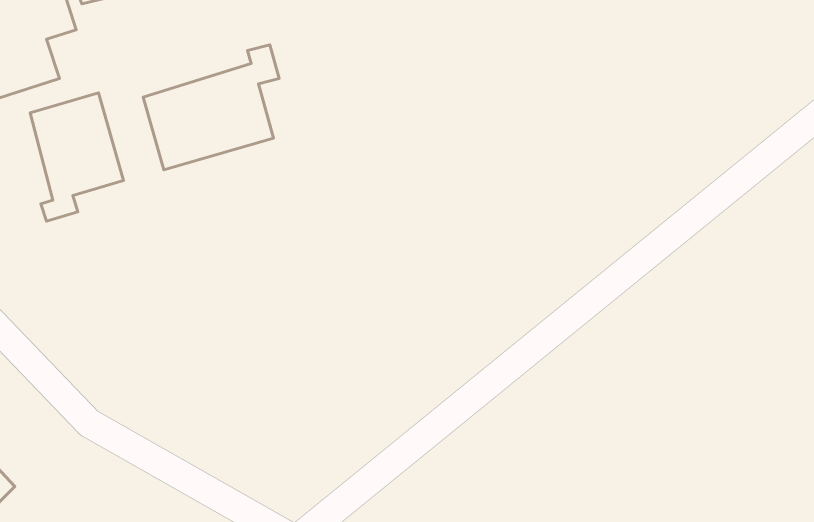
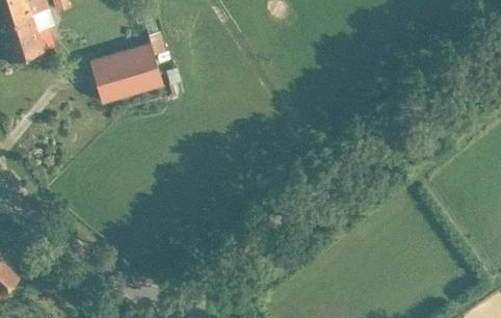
building: [30,93,124,221] -> none

